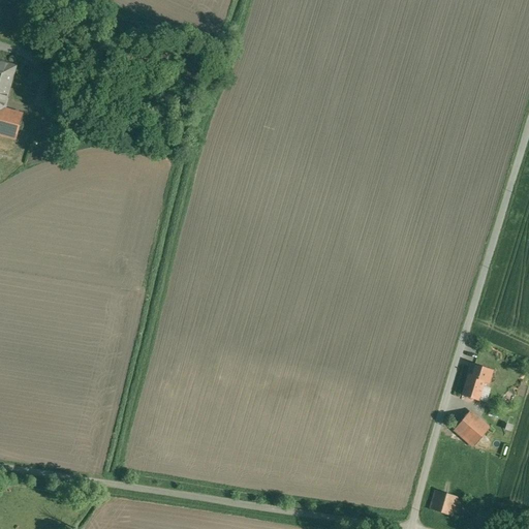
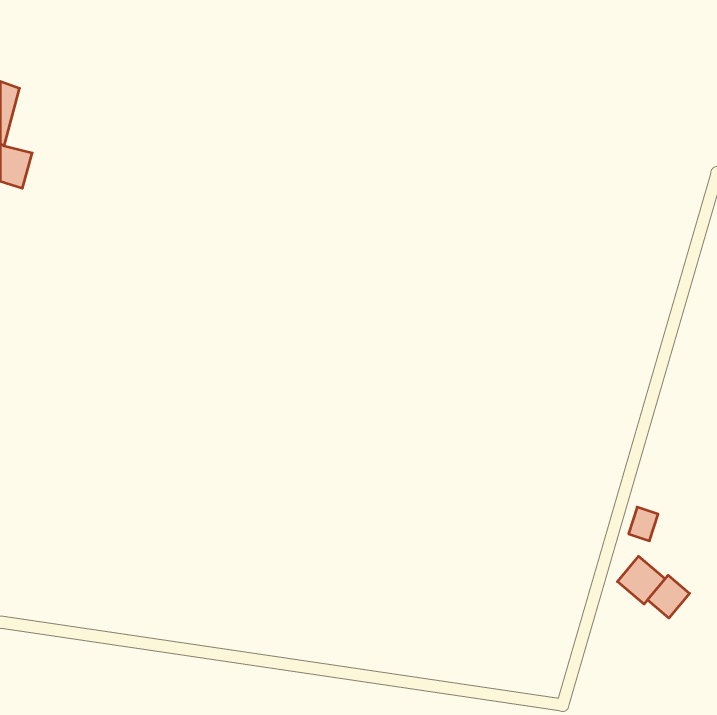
building: none -> [647,575,690,618]
building: [430,491,457,515] -> none

